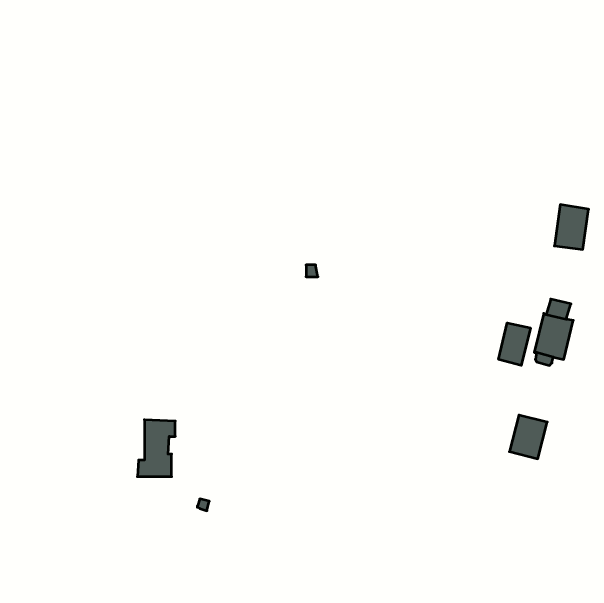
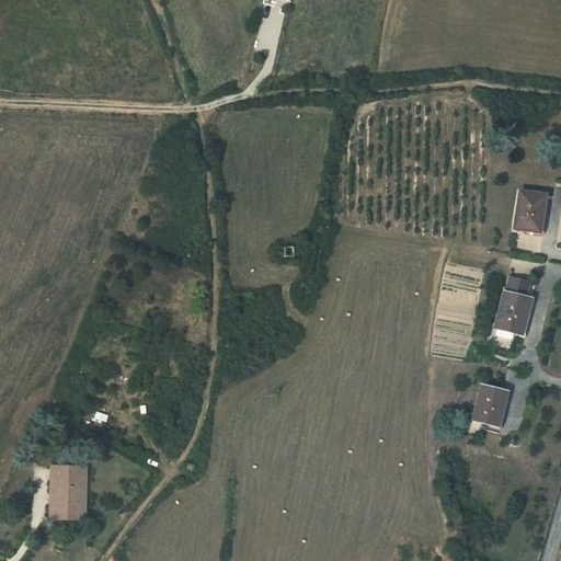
building: [499,323,530,365] -> none
building: [137,420,175,477] -> [50,466,85,518]

